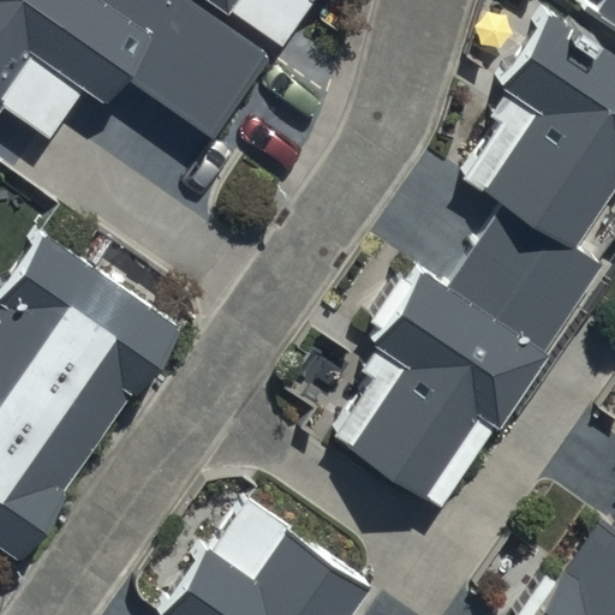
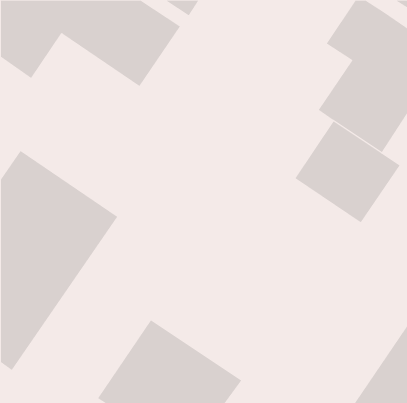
building: [342,258,545,509] -> none

